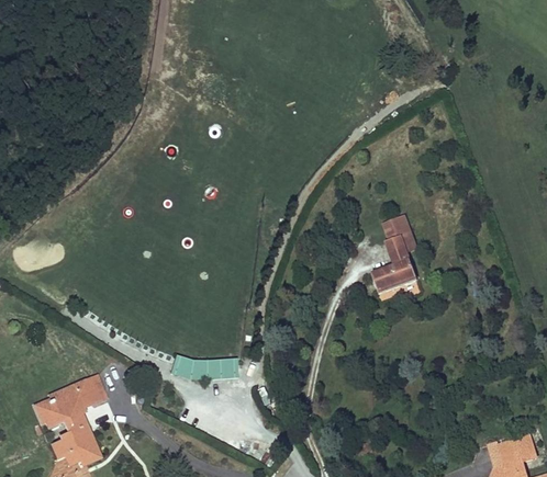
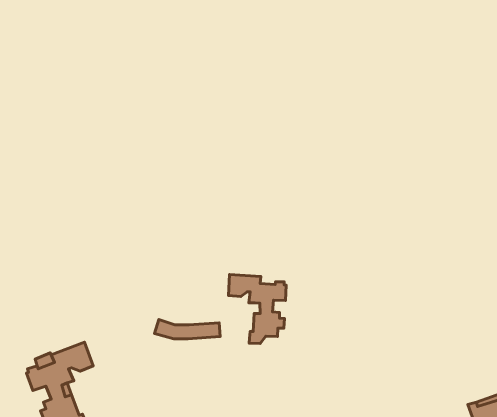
building: [368,222,412,296] -> none
building: none -> [229,274,286,344]

